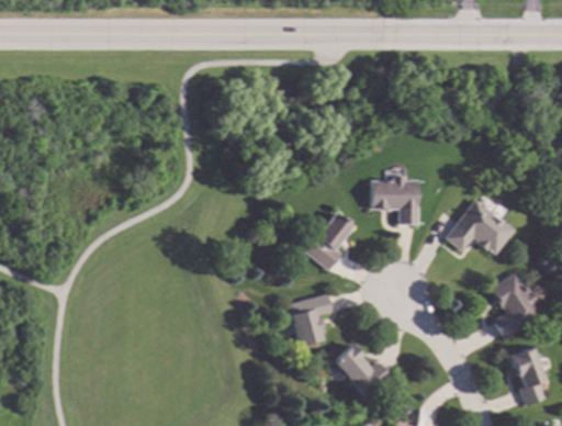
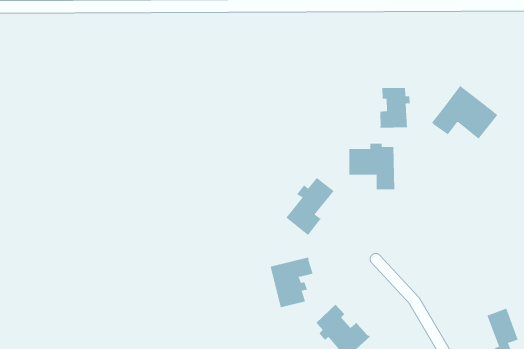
building: none -> [379,87,410,128]
building: [443,200,513,256] -> [431,85,498,140]
building: [490,274,540,339] -> none

